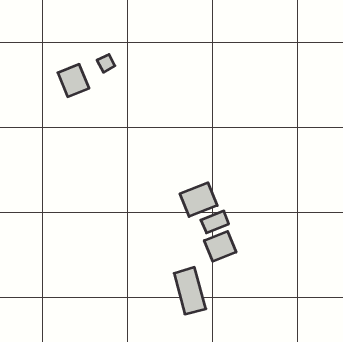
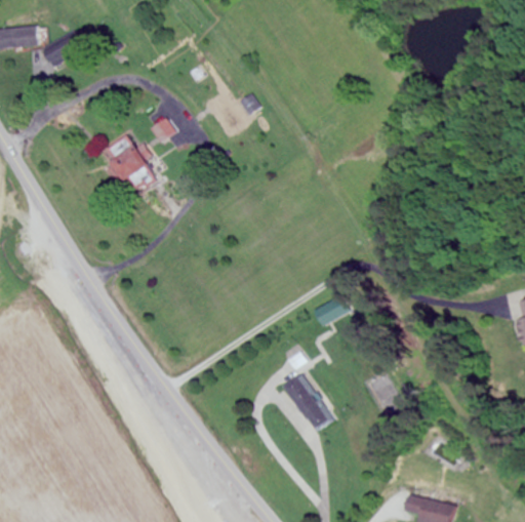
building: [180,183,217,217] -> none
building: [204,231,236,261] -> none

